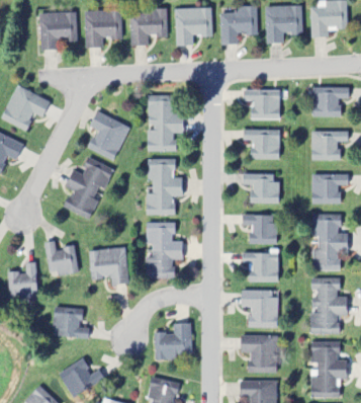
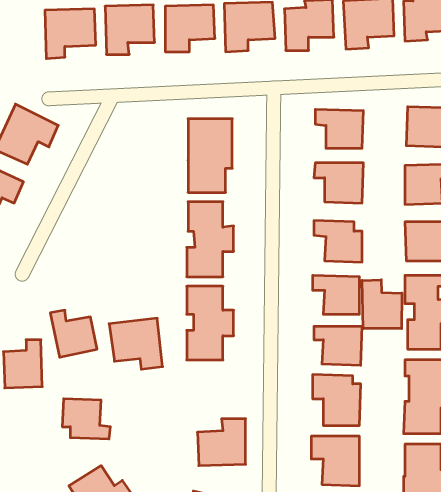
building: [88,110,129,159] -> none
building: [64,158,113,218] -> none
building: none -> [362,280,402,329]

